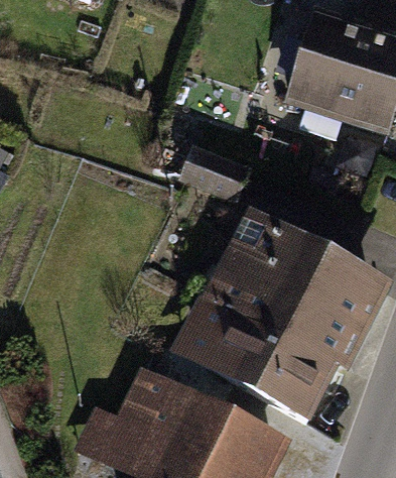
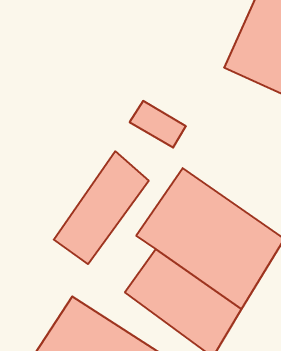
building: none -> [54,151,149,264]

